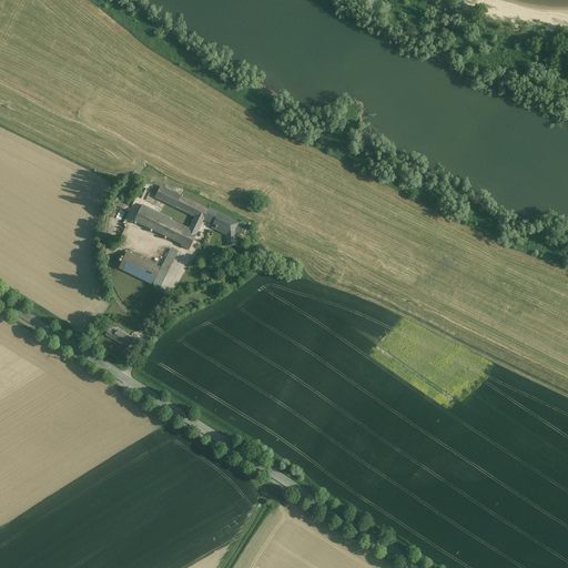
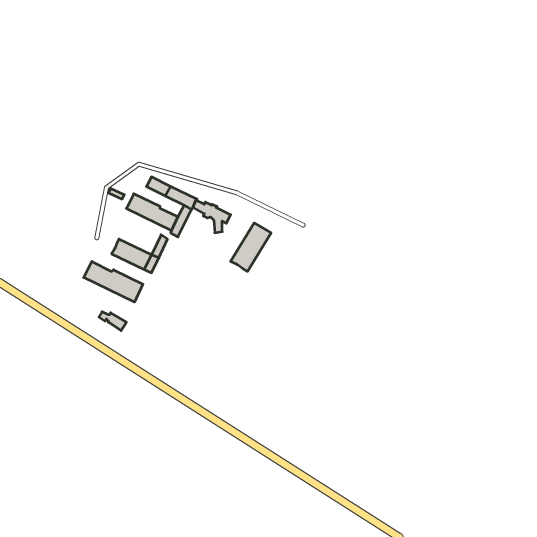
building: none -> [231,223,271,271]
building: none -> [84,261,143,302]

